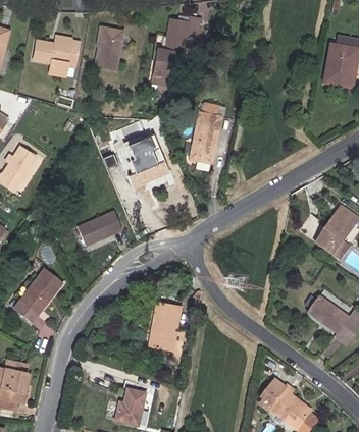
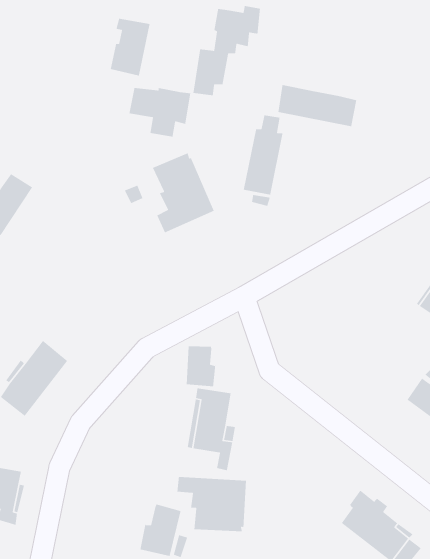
building: [34,44,80,80] -> [128,87,191,138]
building: none -> [277,84,357,127]
building: [76,210,120,245] -> none
building: none -> [186,345,216,387]
building: none -> [177,476,247,532]

